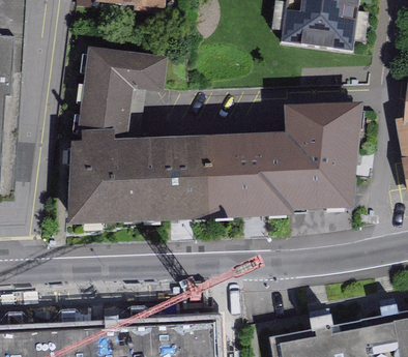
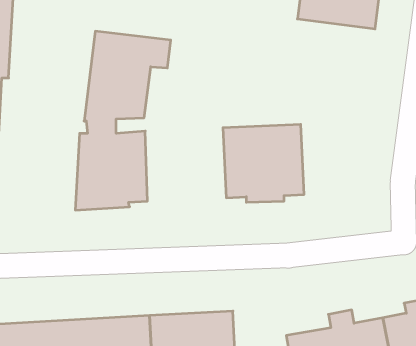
building: [283,111,355,206] -> none
building: [138,144,213,216] -> none

